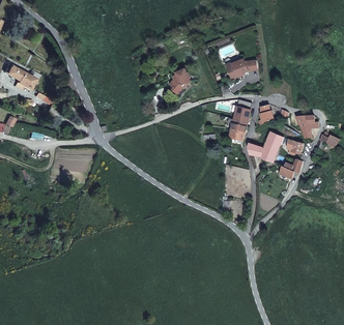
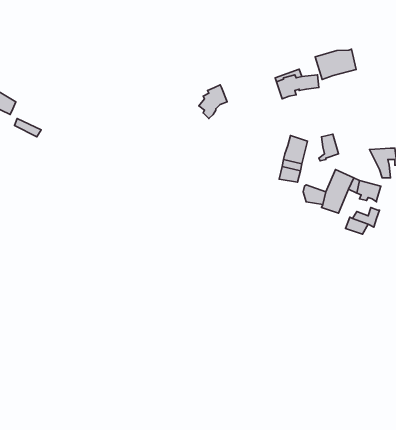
building: none -> [315,49,356,80]

